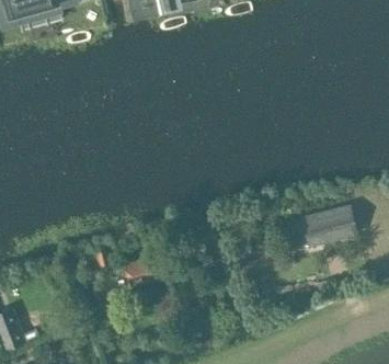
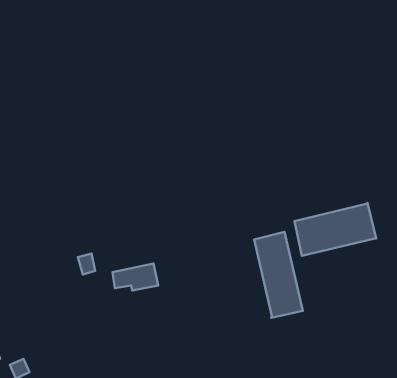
building: none -> [254,232,303,318]

